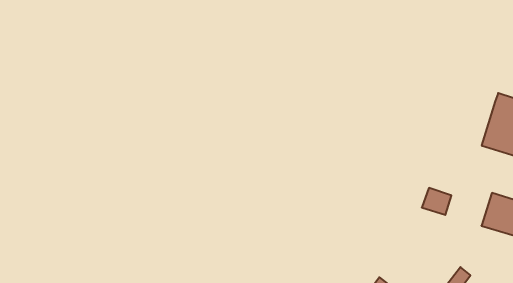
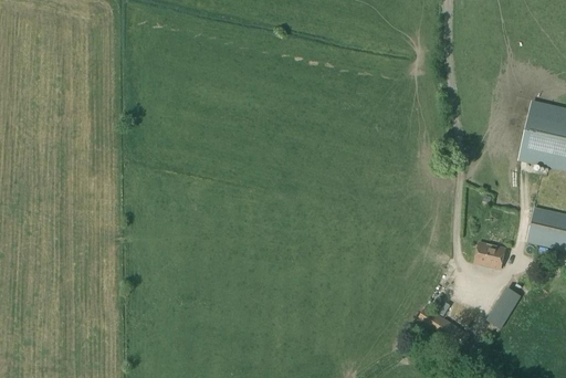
building: [422,188,451,215] -> [474,242,504,269]

